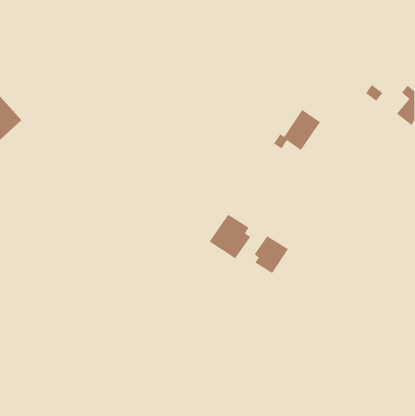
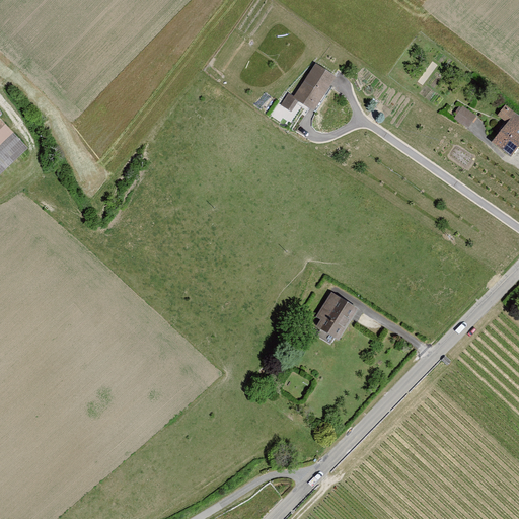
building: [273,109,321,151] -> [279,62,338,114]
building: [209,214,251,259] -> none

